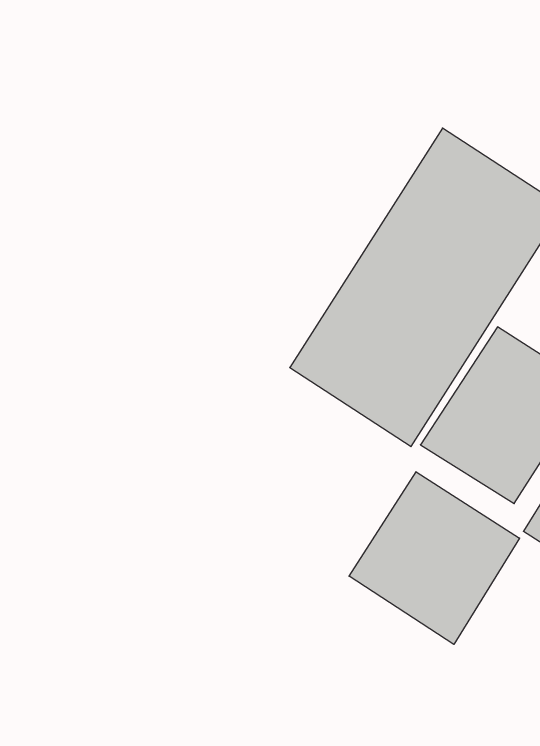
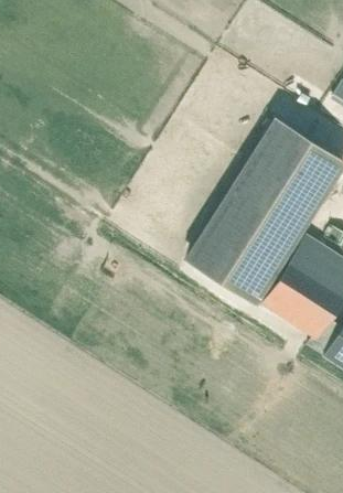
building: [349,472,520,644] -> none

